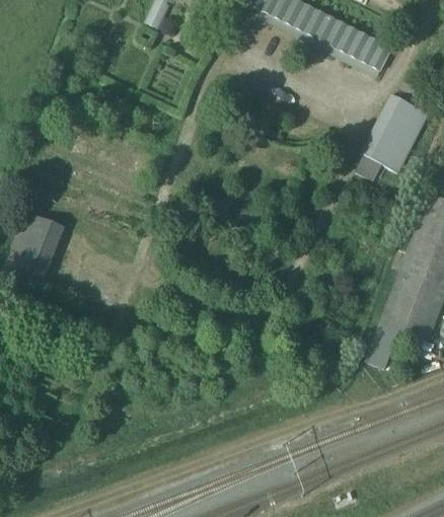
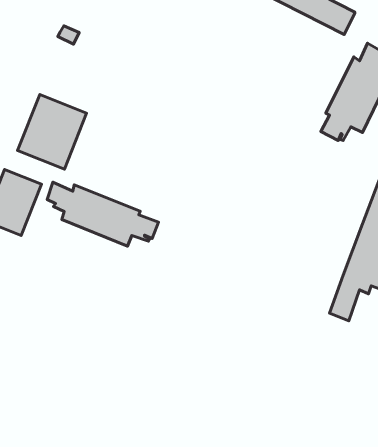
building: none -> [18,94,86,169]
building: none -> [47,182,159,246]

